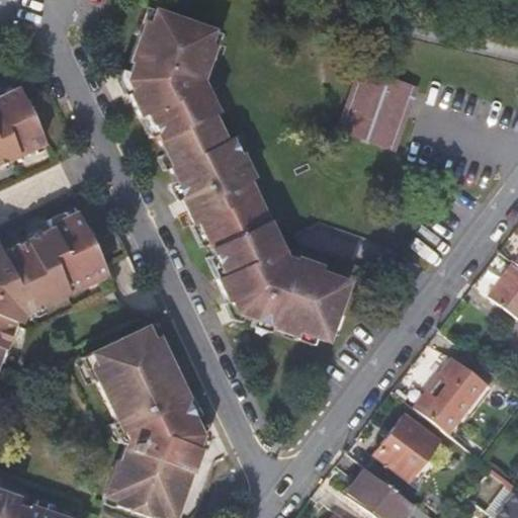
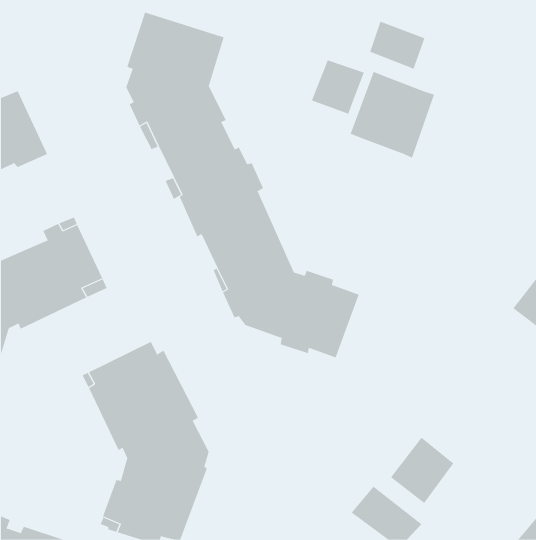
building: none -> [370,21,425,69]
building: none -> [311,59,364,114]
building: [416,357,488,433] -> none

